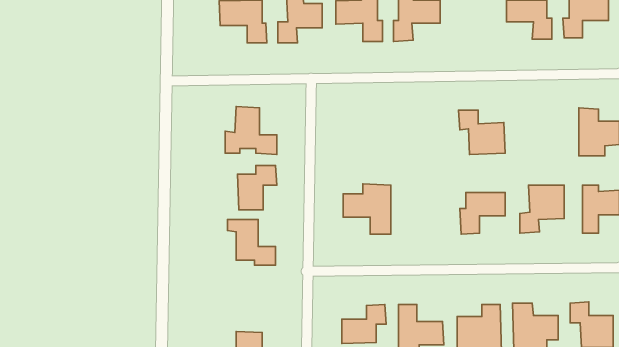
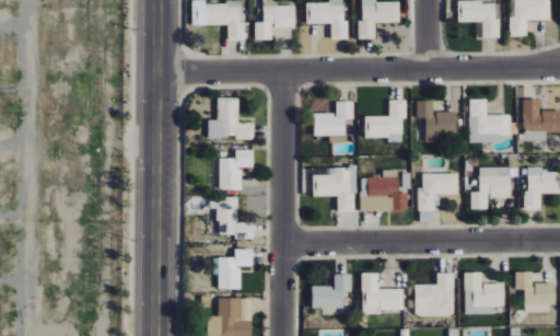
building: none -> [364,100,405,142]
building: none -> [468,100,510,143]
building: none -> [314,101,353,142]
building: none -> [360,170,407,211]
building: none -> [213,250,253,289]

